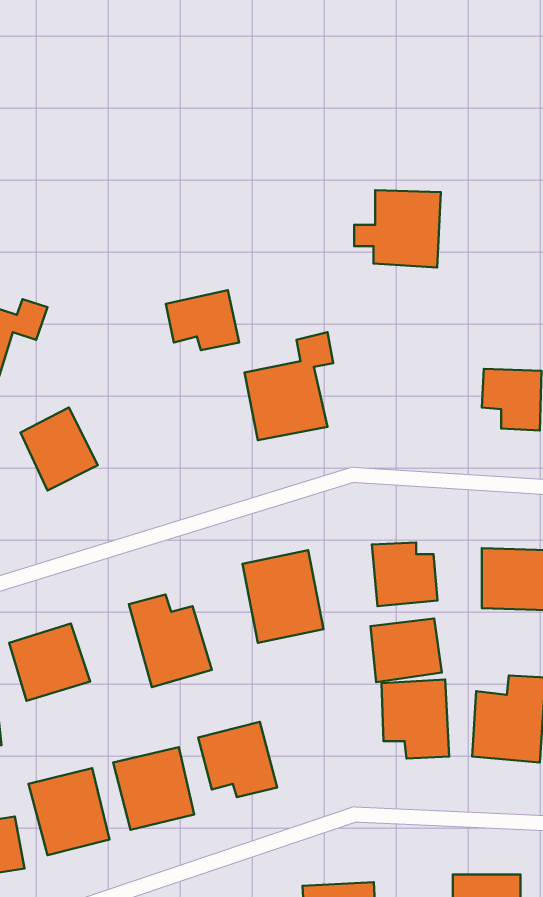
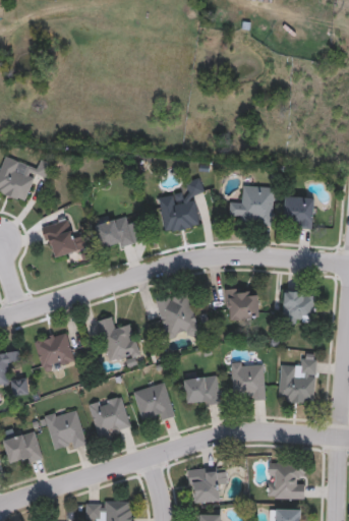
building: [354,190,441,267] -> [229,185,275,226]
building: [166,290,239,350] -> [96,217,134,248]
building: [370,618,442,682] -> [183,374,221,408]

